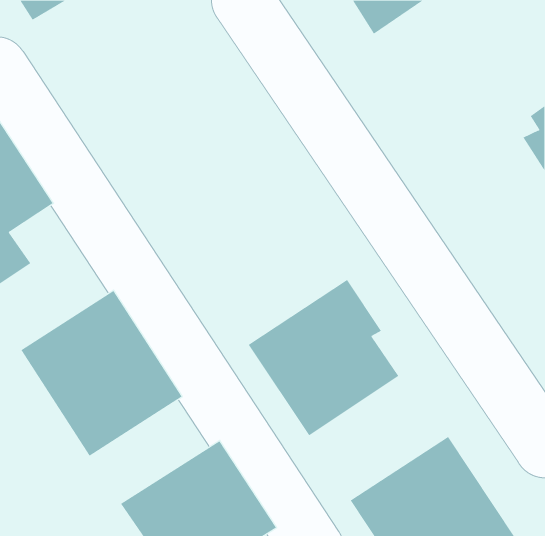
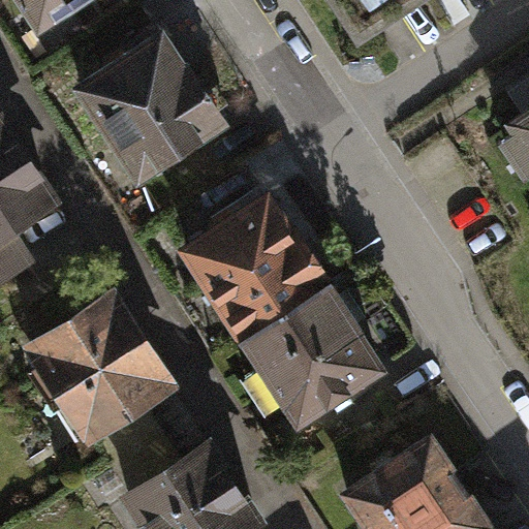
building: none -> [69,30,232,188]
building: none -> [176,192,335,344]

